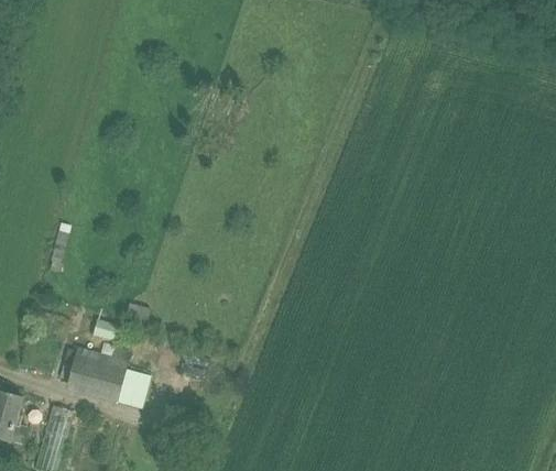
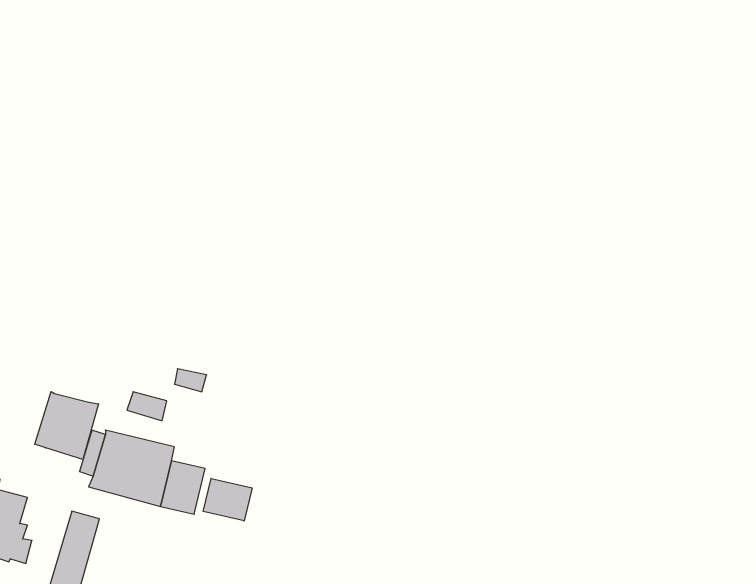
building: none -> [35,392,98,460]
building: none -> [203,478,252,521]

